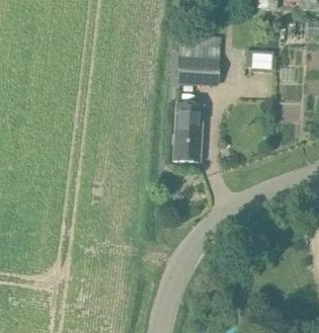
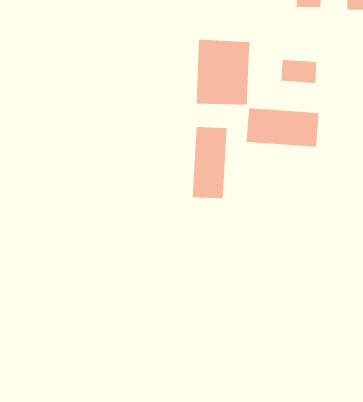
building: none -> [246,107,319,148]

